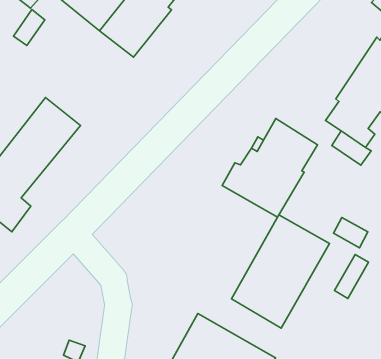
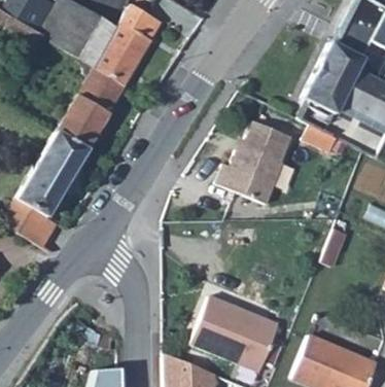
building: none -> [56,67,126,149]
building: [231,215,330,328] -> none

